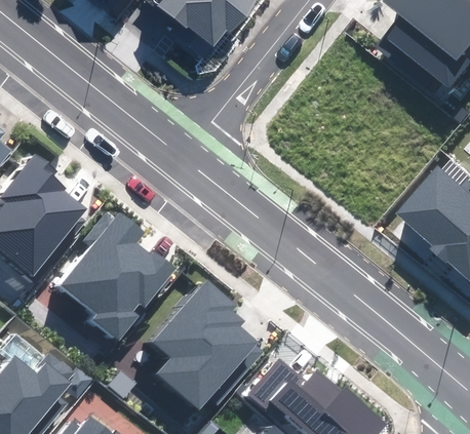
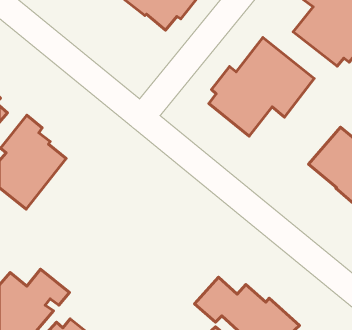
building: none -> [209,38,314,136]
building: [63,214,175,339] -> none
building: [154,280,265,408] -> none

